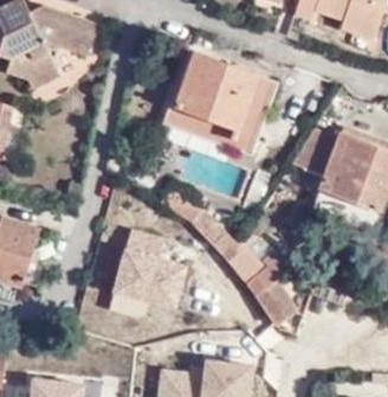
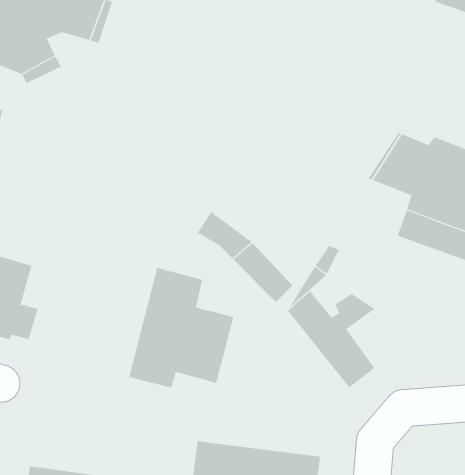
building: [167,50,276,153] -> none

